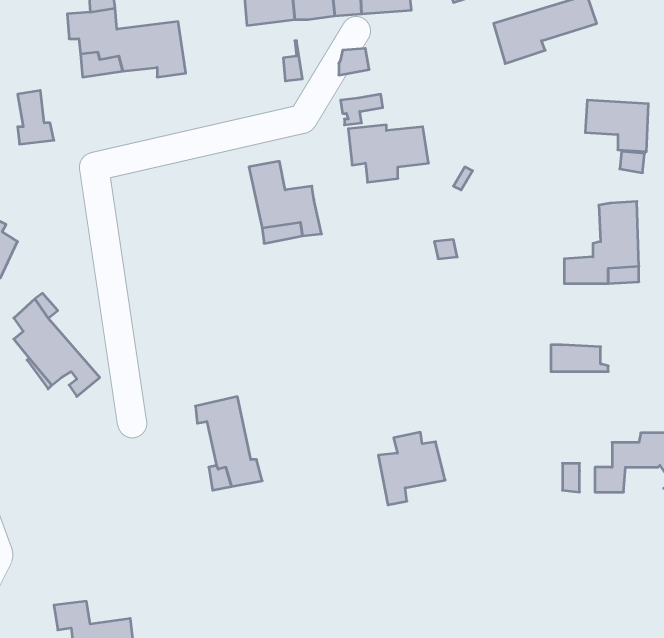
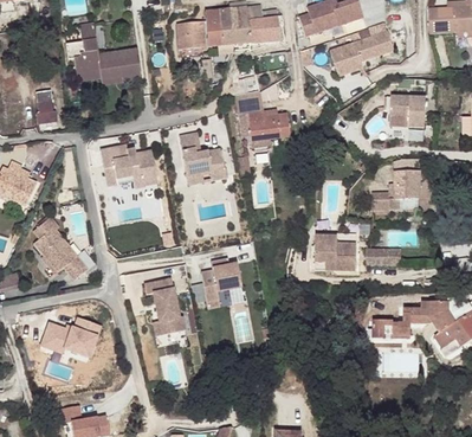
building: none -> [105,149,157,186]
building: none -> [318,233,357,269]
building: [378,432,445,505] -> [203,258,245,303]
building: none -> [39,315,102,360]

